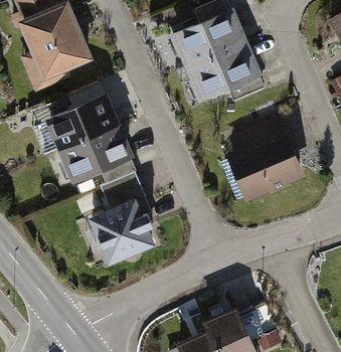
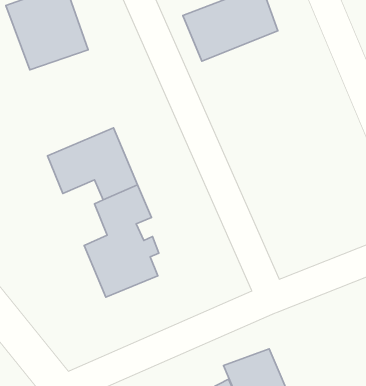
building: [181,43,257,103] -> none
building: [45,77,111,143] -> none
building: [237,128,303,196] -> none

